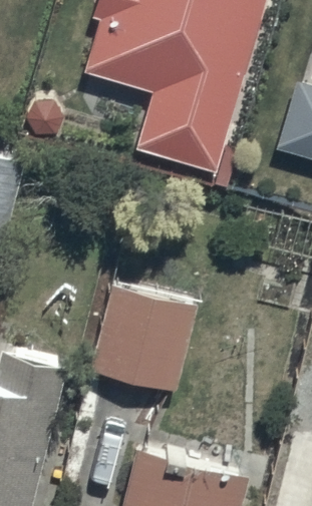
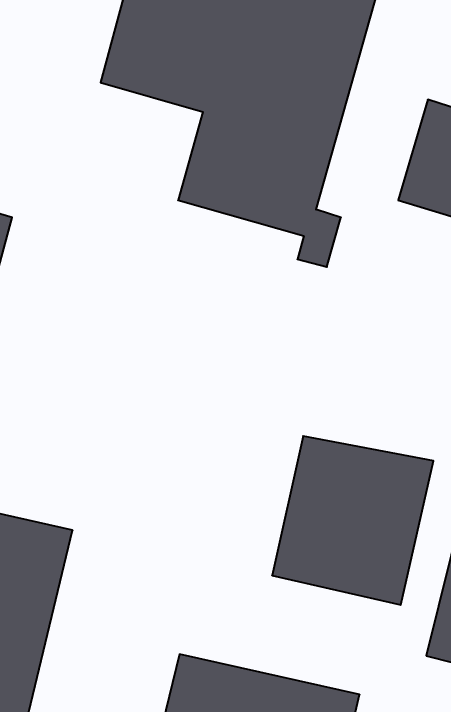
building: [91,280,196,389] -> [272,436,433,605]

